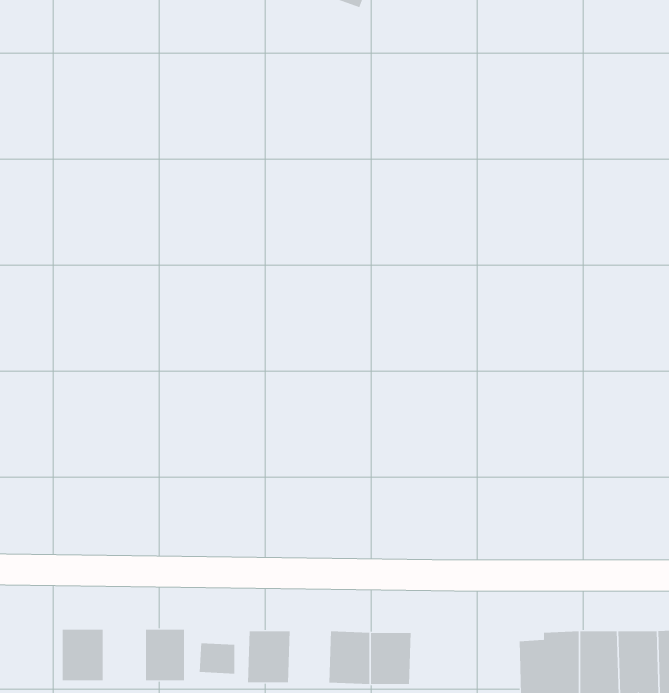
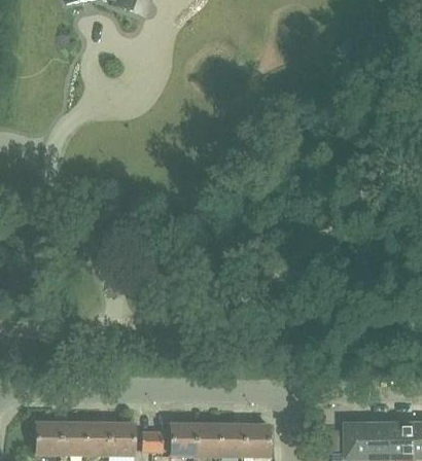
building: none -> [36,422,61,453]
building: none -> [85,422,110,453]
building: none -> [196,423,220,454]

